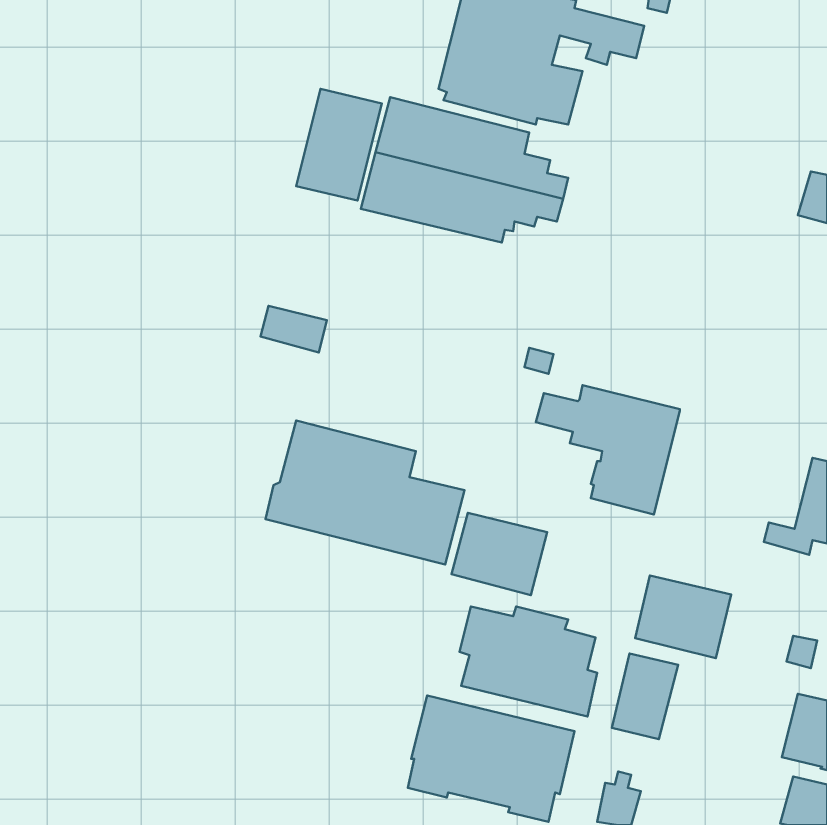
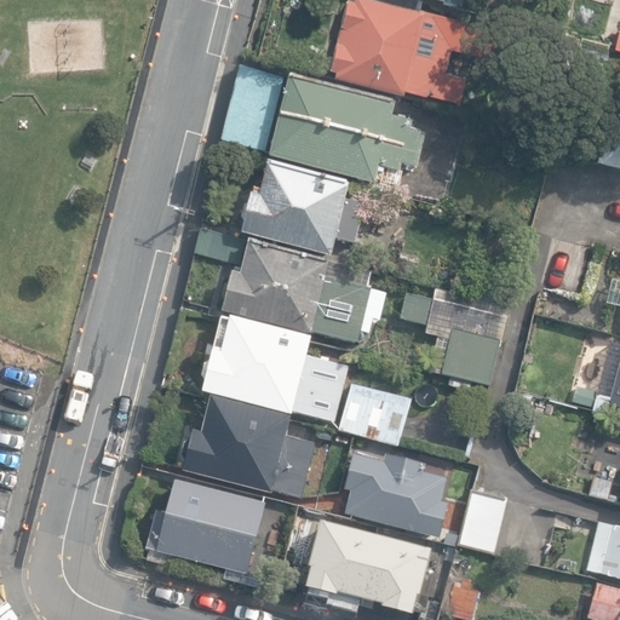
building: none -> [241,160,364,254]
building: none -> [222,240,386,343]
building: none -> [180,396,315,498]
building: [635,576,731,658] -> none
building: none -> [147,478,265,574]

